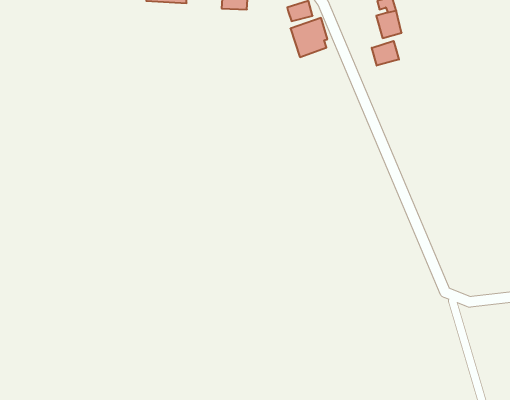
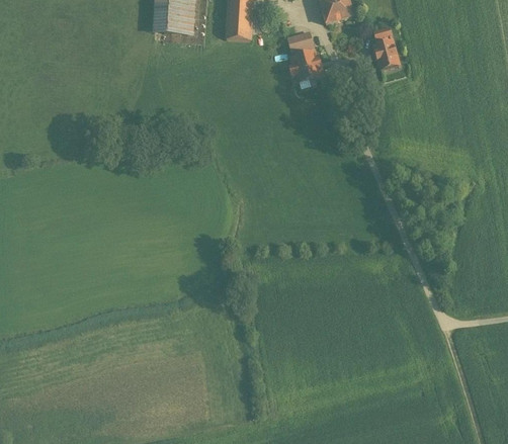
building: [372,41,399,66] -> none

